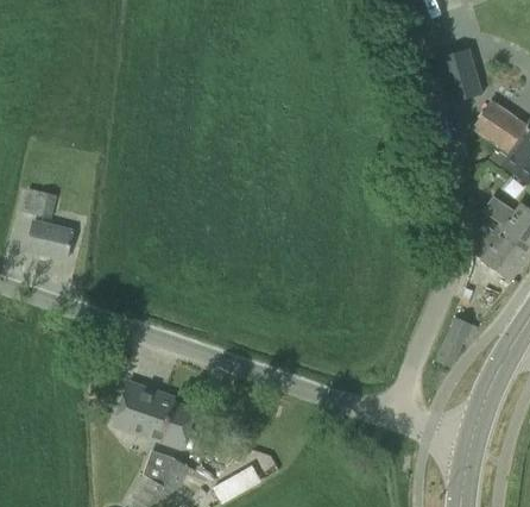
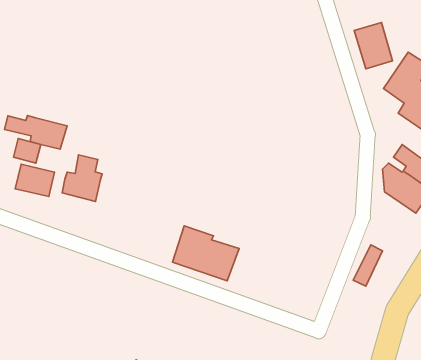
building: none -> [4,116,67,149]
building: none -> [62,155,102,201]
building: [114,381,195,447] -> [172,226,239,281]

